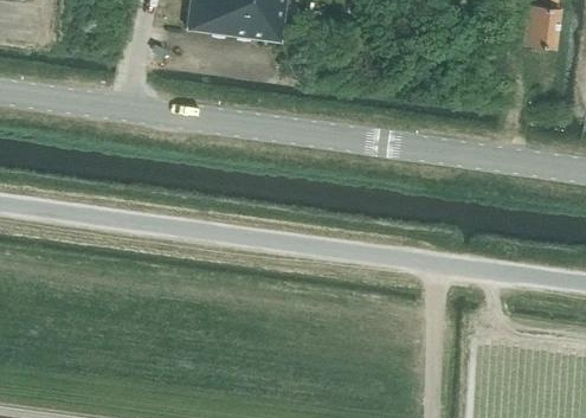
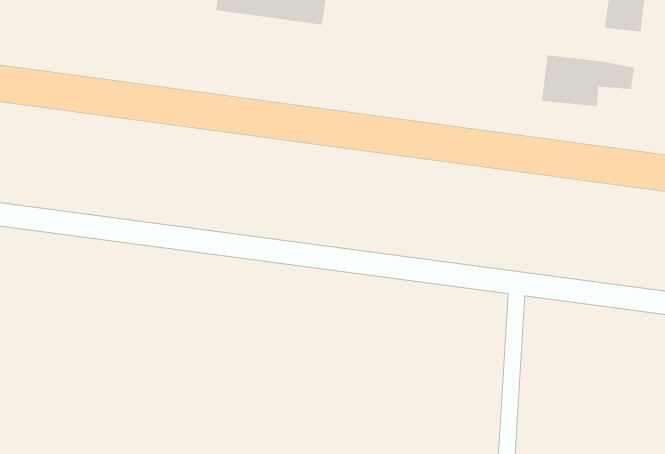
building: none -> [541,54,635,107]

